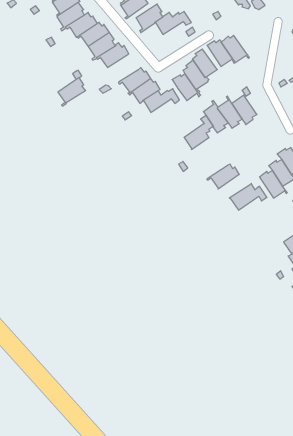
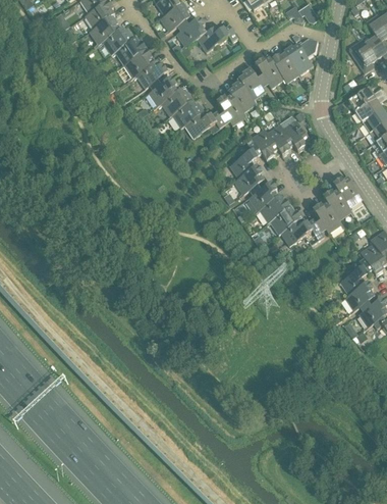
building: none -> [283,39,316,73]
building: [58,78,86,106] -> [148,77,178,108]
building: none -> [234,165,264,197]
building: none -> [247,182,278,213]
building: none -> [266,206,301,234]

